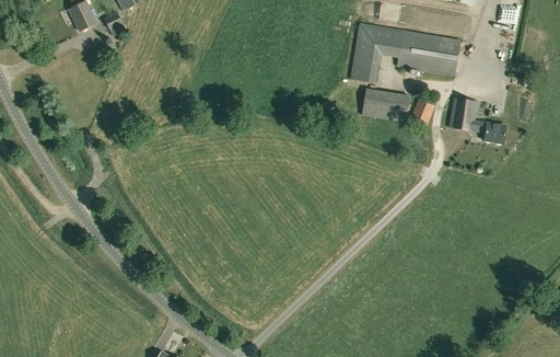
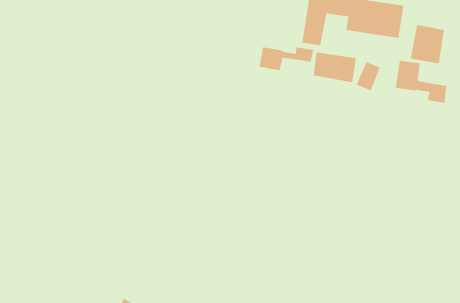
building: none -> [410,24,444,64]
building: none -> [259,46,314,71]

